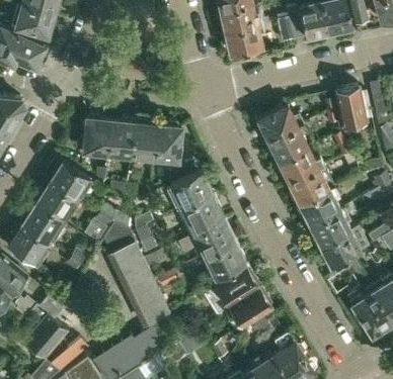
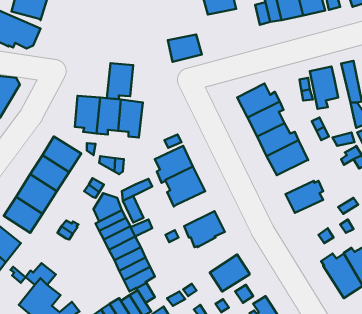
building: [227,25,263,55] -> [168,34,202,62]
building: [153,125,181,164] -> [107,63,133,99]
building: [301,187,340,223] -> none
building: [179,220,234,258] -> none
building: [320,229,361,265] -> none
building: [205,268,258,314] -> none

